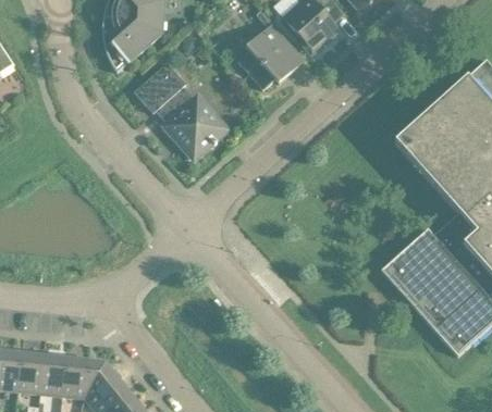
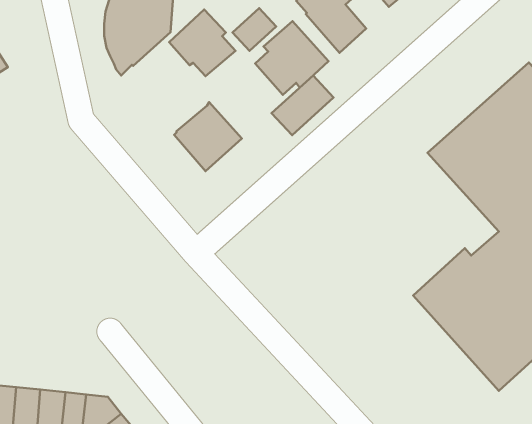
building: none -> [232,8,276,51]
building: [135,62,195,122] -> [169,10,235,76]
building: none -> [272,76,334,135]

